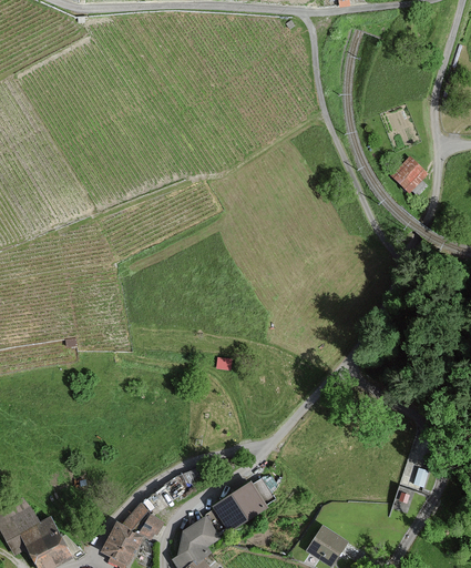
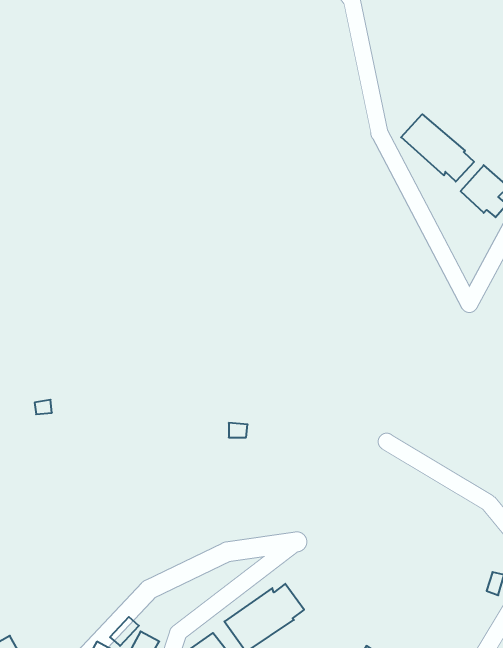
building: none -> [401,114,474,182]

